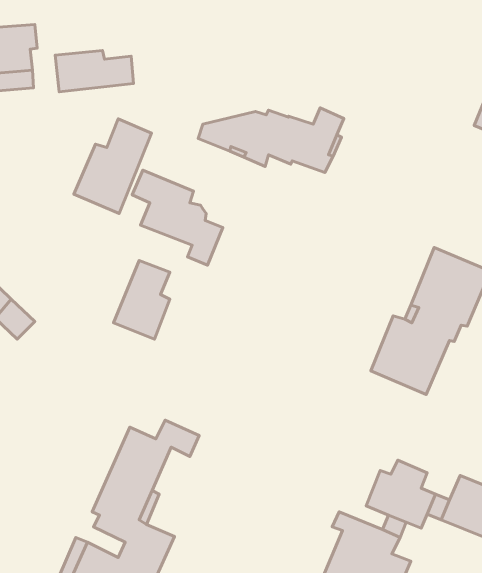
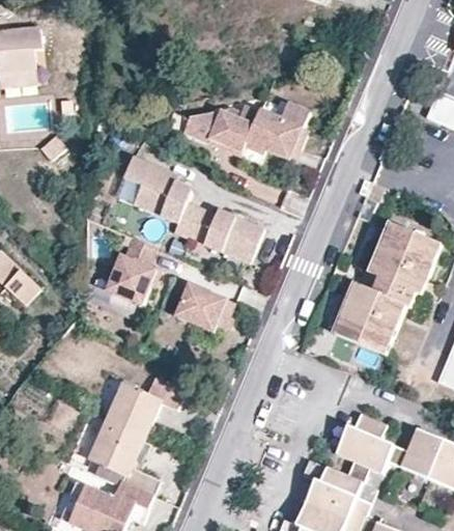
building: [55,51,134,92] -> none
building: [74,119,152,213] -> none
building: none -> [191,206,264,263]
building: none -> [177,283,236,331]

